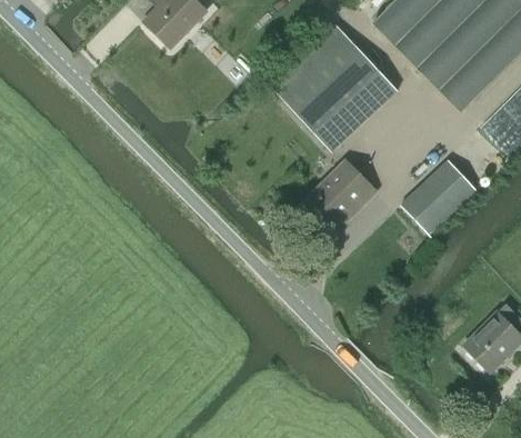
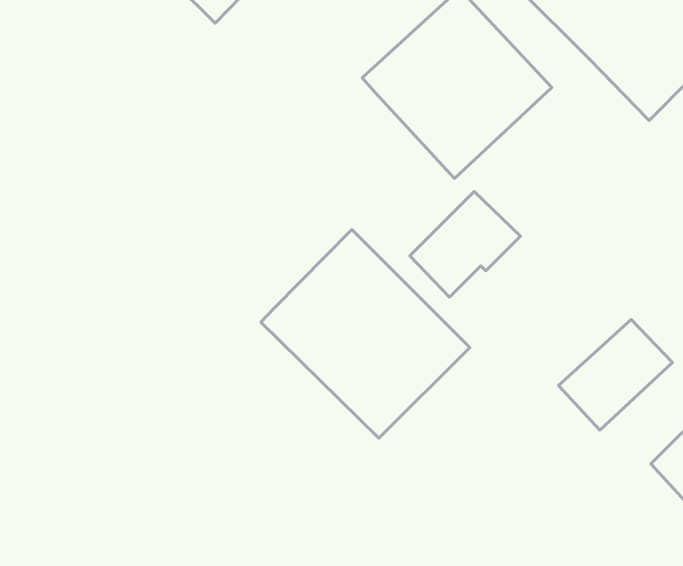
building: [399,159,475,233] -> [559,320,672,430]
building: none -> [261,230,470,438]

